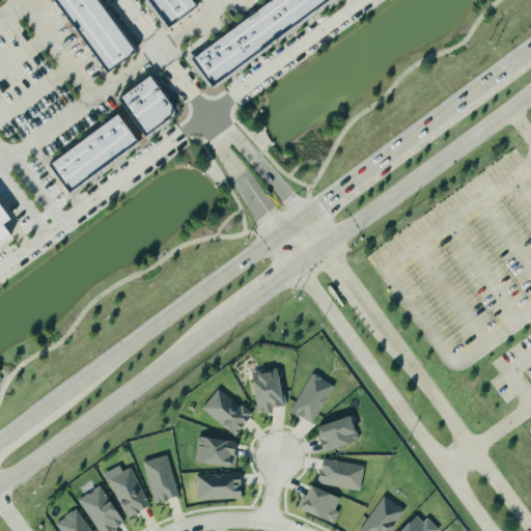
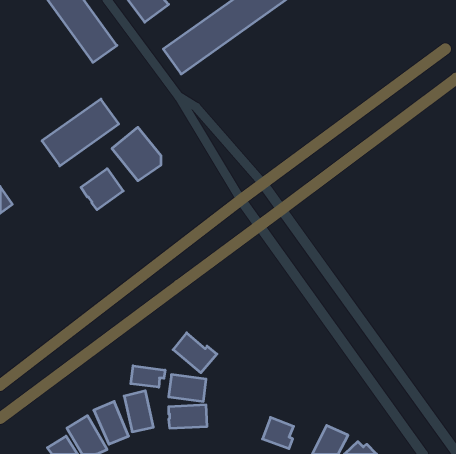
building: [117,74,174,136] -> [112,127,161,181]
building: none -> [81,169,123,210]
building: [254,367,286,413] -> none
building: [288,371,333,421] -> none
building: [317,415,361,451] -> none
building: none -> [131,366,165,387]
building: [319,457,365,490] -> none

